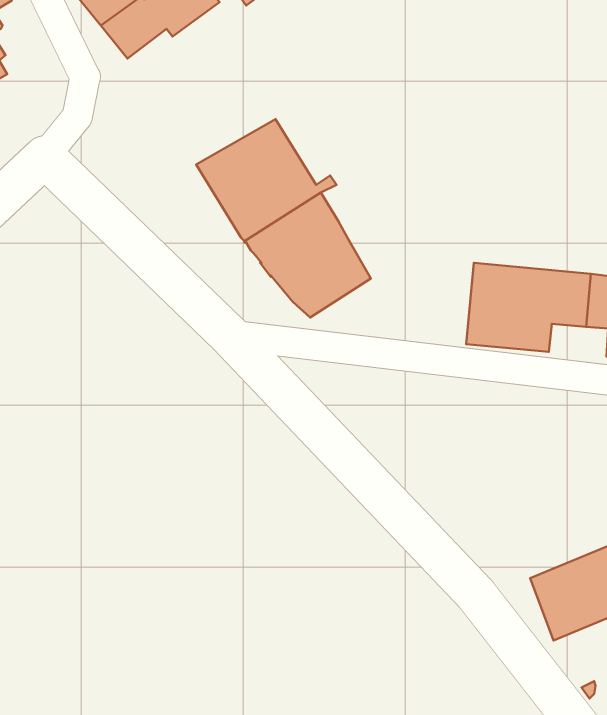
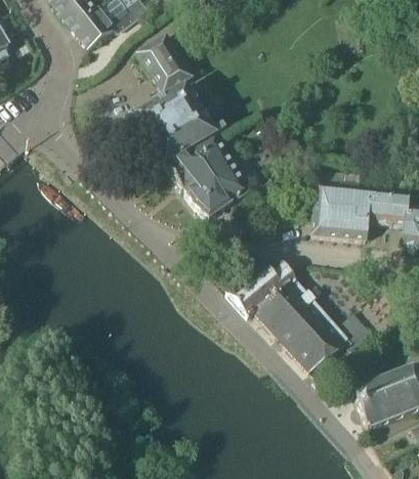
building: none -> [136,34,192,93]
building: none -> [225,259,371,369]

